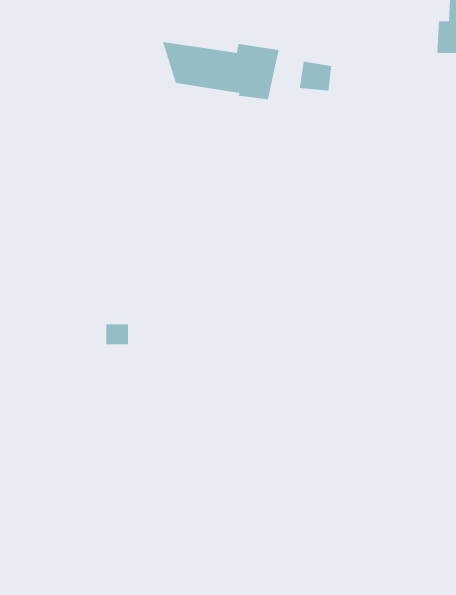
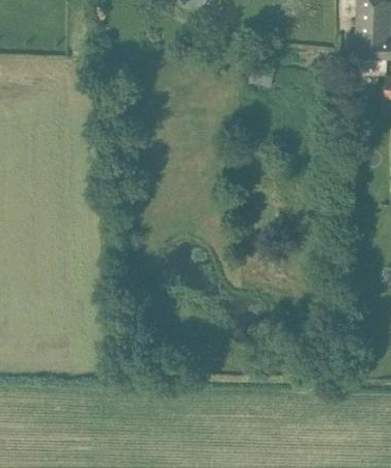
building: [162,41,279,100] -> none

